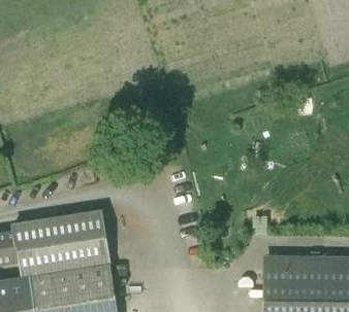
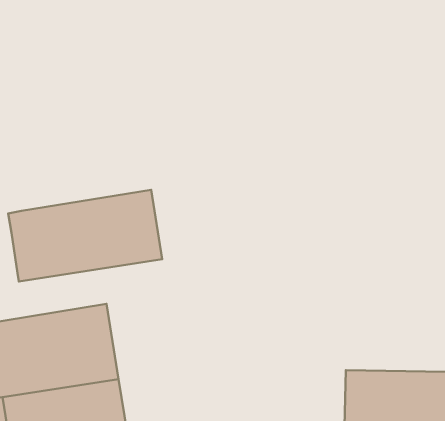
building: none -> [8,190,162,282]

